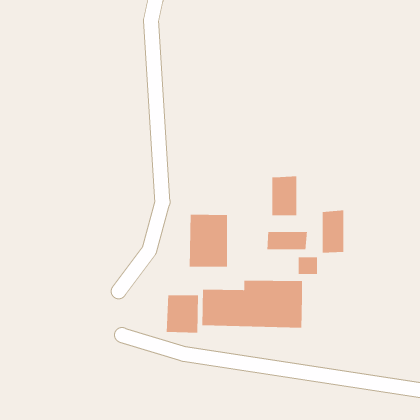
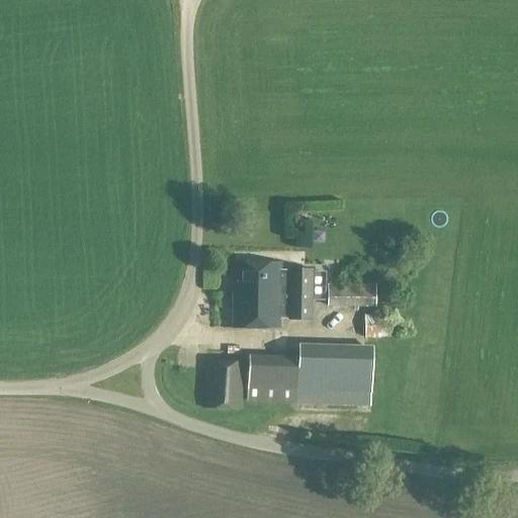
building: [272,176,297,216] -> [281,269,313,319]
building: [322,210,344,253] -> none

